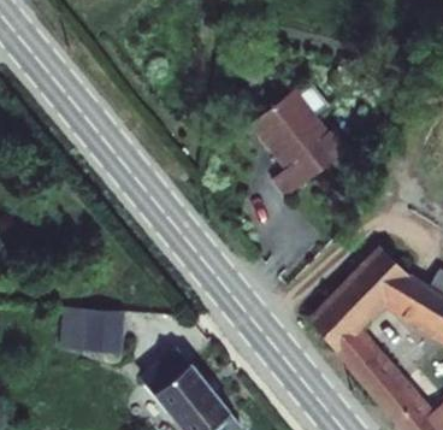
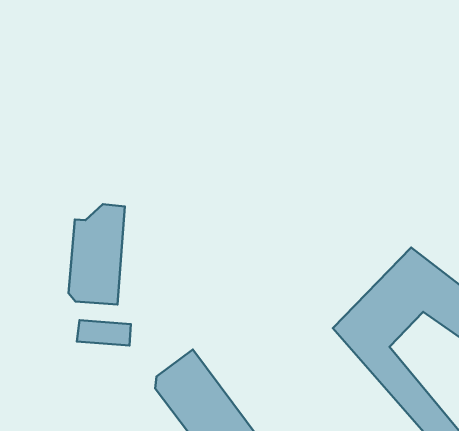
building: [242,90,339,196] -> none
building: none -> [68,204,125,305]

